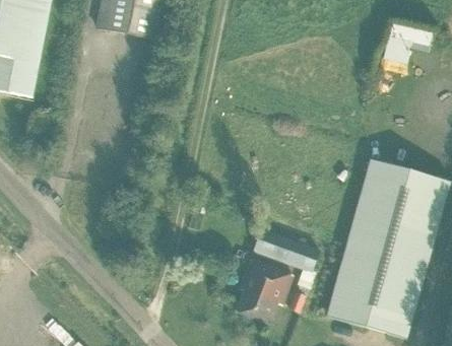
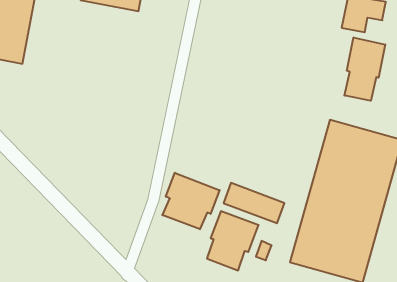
building: none -> [344,37,385,101]
building: none -> [162,173,220,229]

